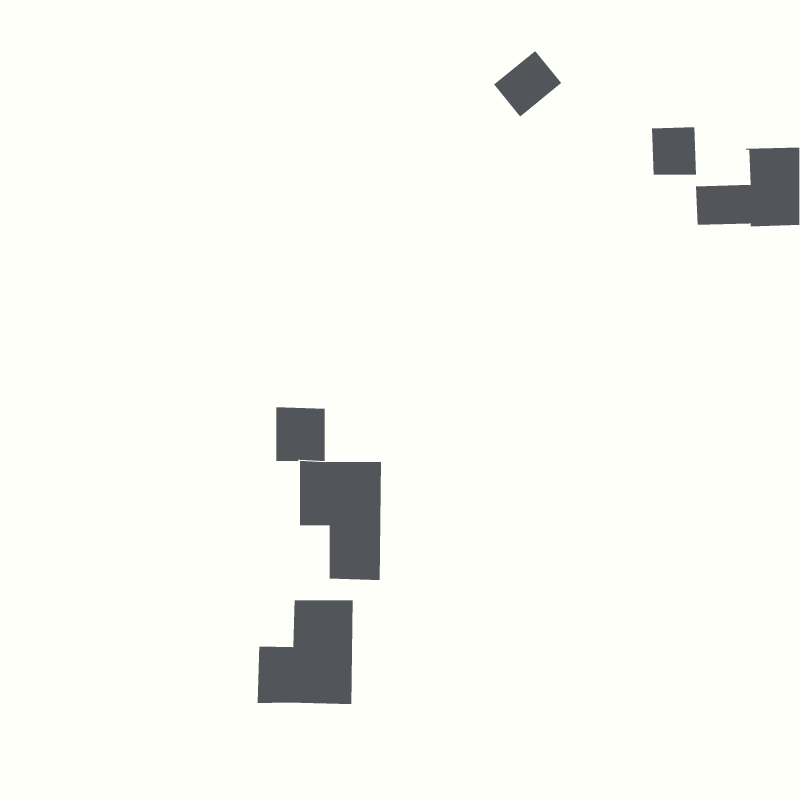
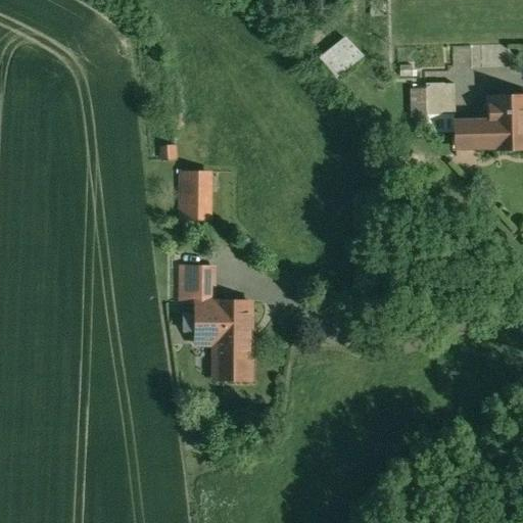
building: none -> [180,170,215,219]
building: [257,600,353,705] -> none

